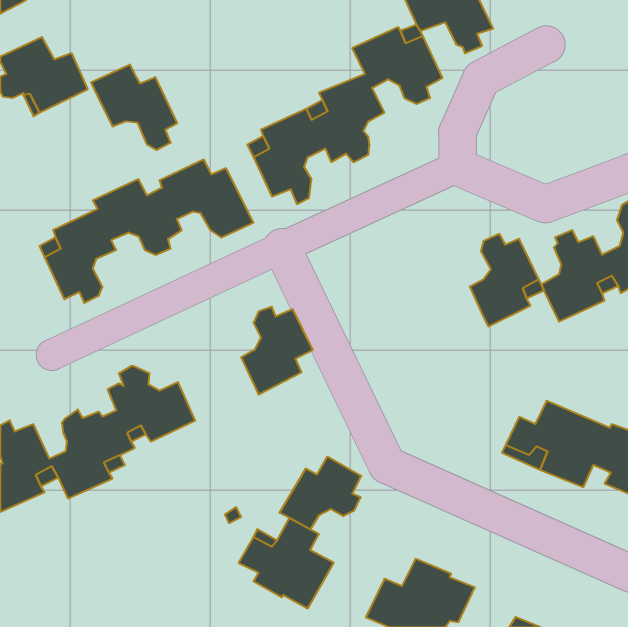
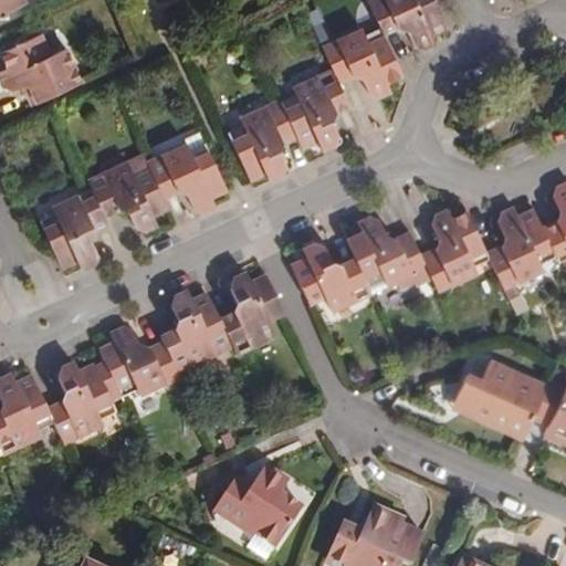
building: [91,64,177,150] -> none
building: none -> [292,219,434,313]
building: none -> [159,293,231,382]
building: [280,457,361,530] -> none

